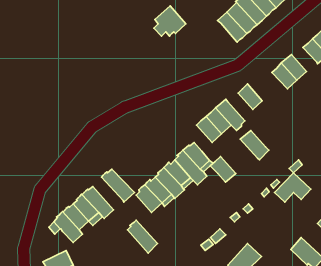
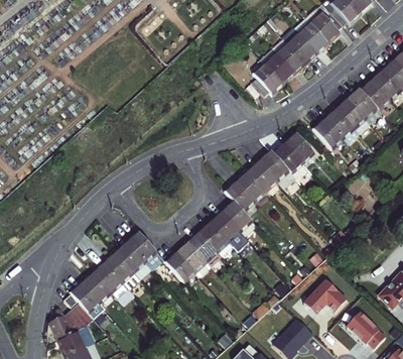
building: [154,6,186,36] -> [246,62,283,97]
building: none -> [348,88,377,118]
building: none -> [313,119,343,148]
building: [240,130,269,160] -> [273,143,306,177]
building: [210,156,236,182] -> [225,181,255,211]
building: [274,173,311,202] -> [303,280,346,315]
building: [127,220,158,253] -> [116,241,151,279]
building: none -> [50,305,94,340]

